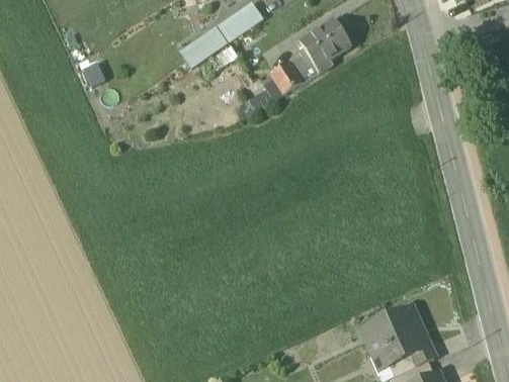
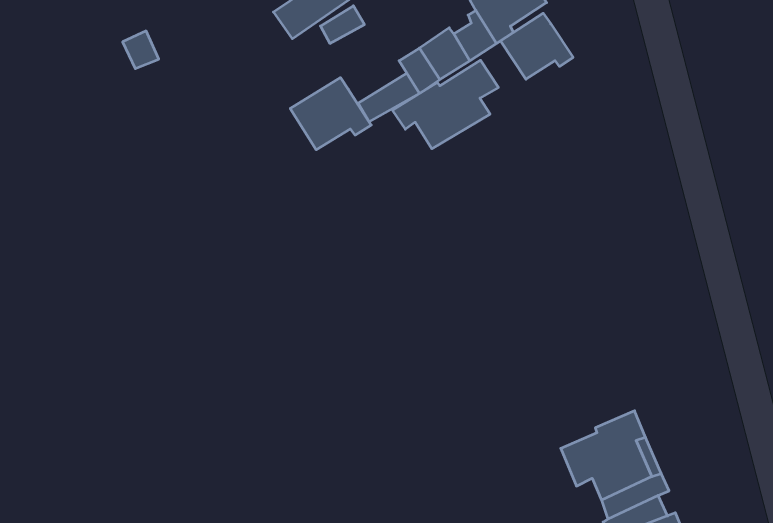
building: none -> [500,13,573,79]
building: none -> [393,60,498,149]
building: none -> [290,78,371,150]

